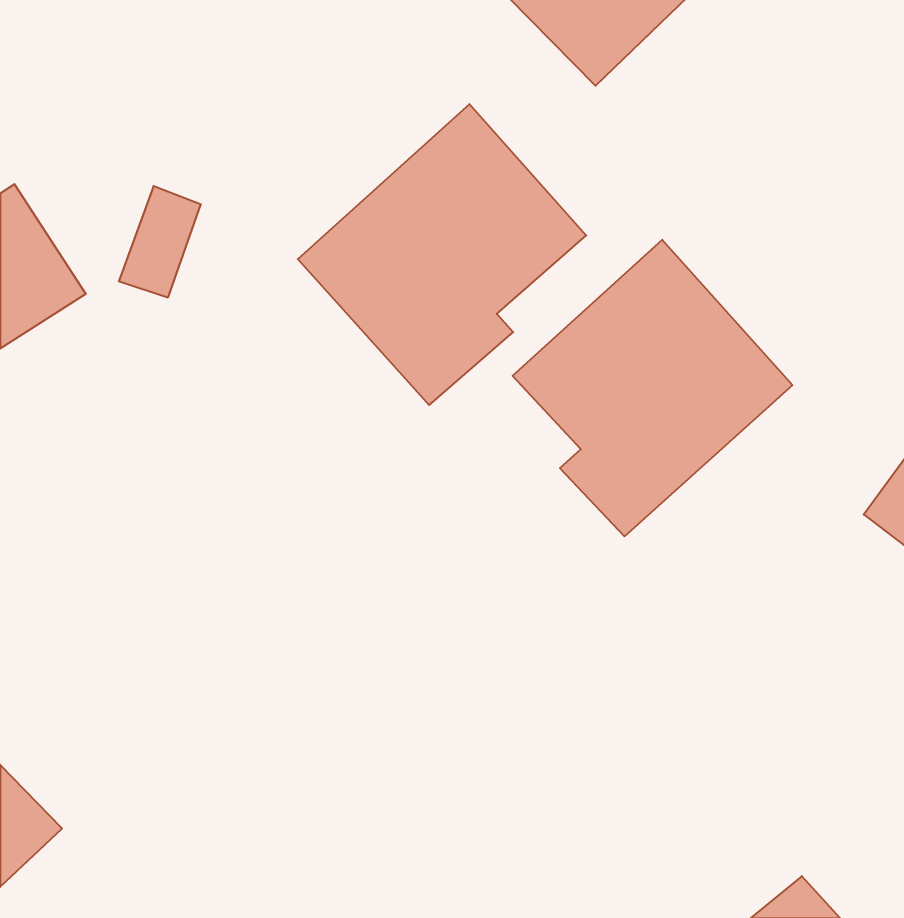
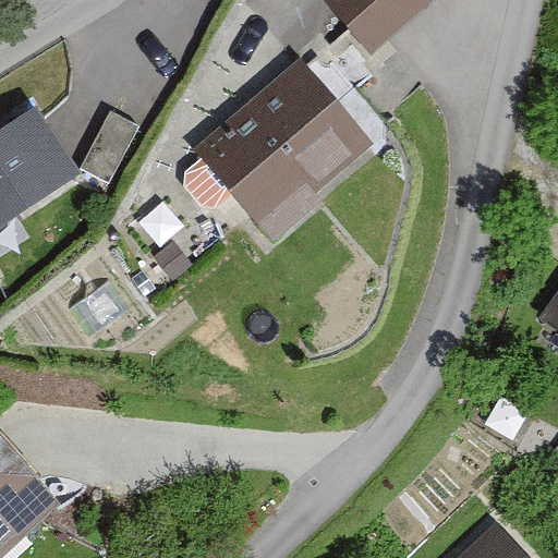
building: [513,240,792,536] -> none

